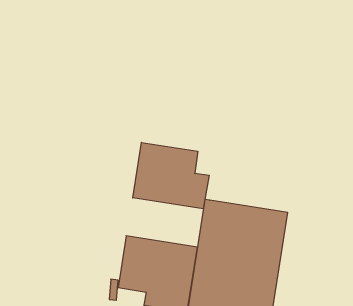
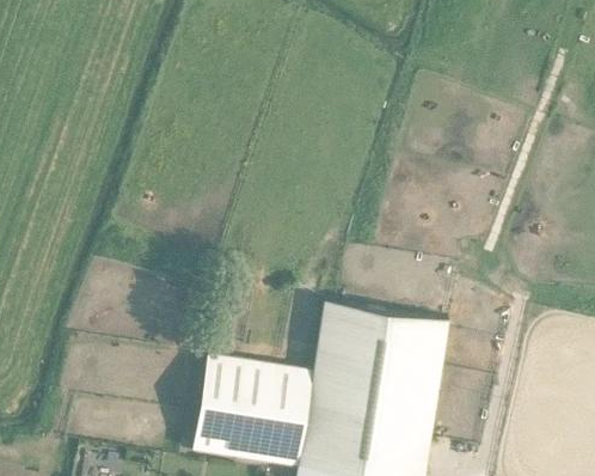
building: [133,142,209,209] -> none

